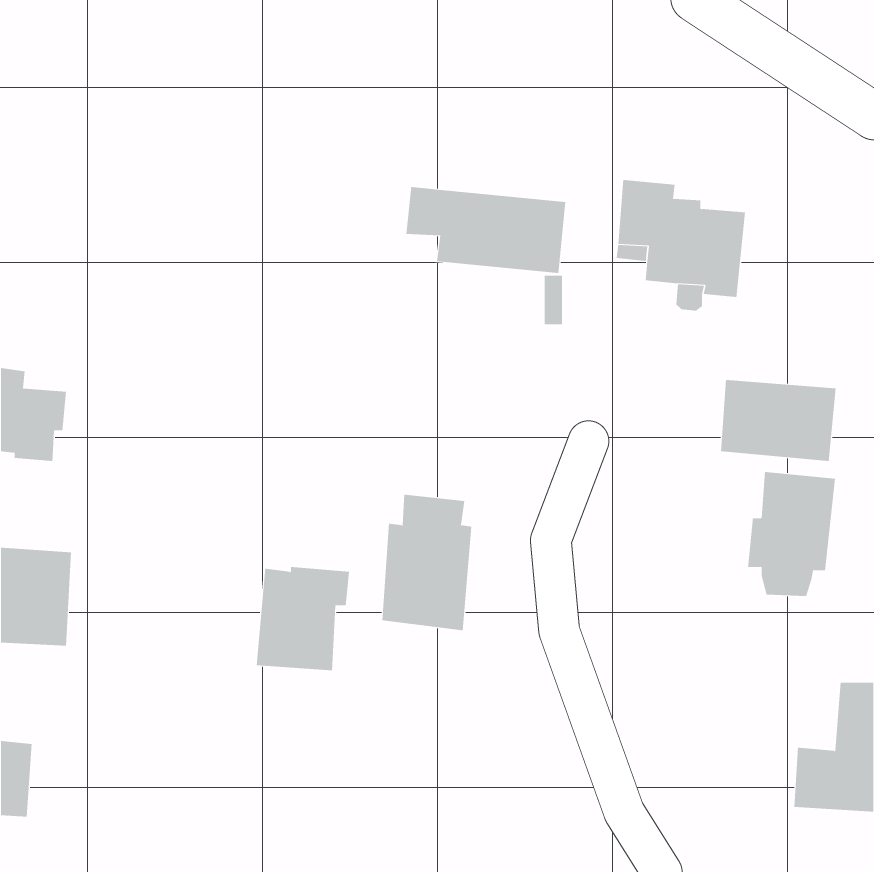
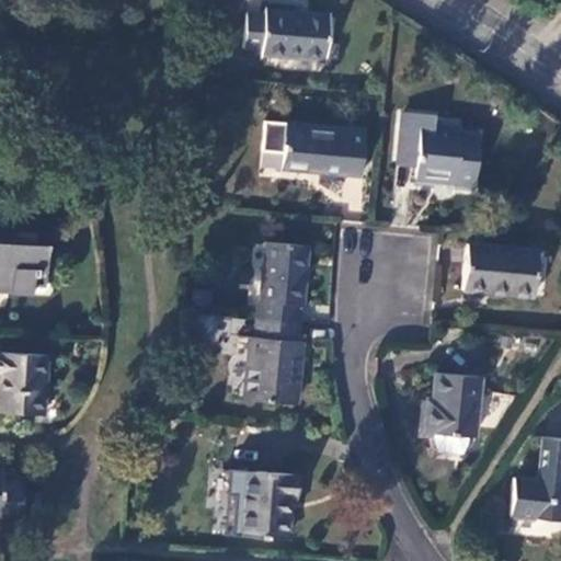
building: none -> [242,4,329,60]
building: none -> [259,241,307,321]
building: [747,472,836,596] -> [423,373,480,453]
building: [256,566,350,671] -> [238,470,298,537]

